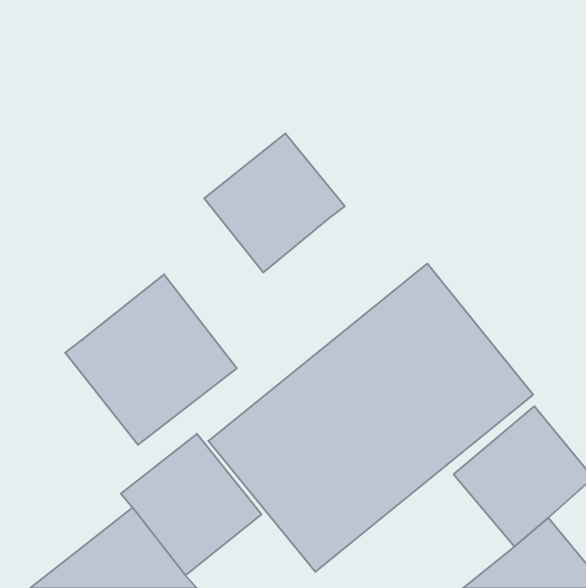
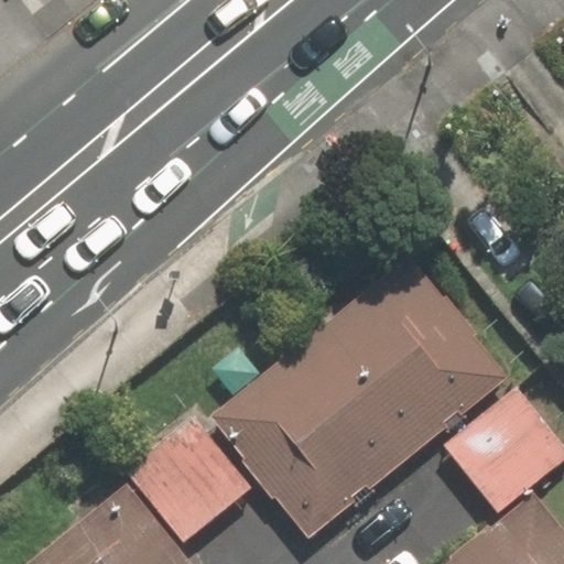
building: [204,133,345,272] -> none
building: [65,274,237,445] -> none

